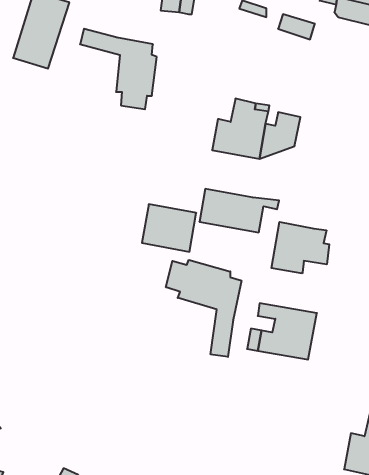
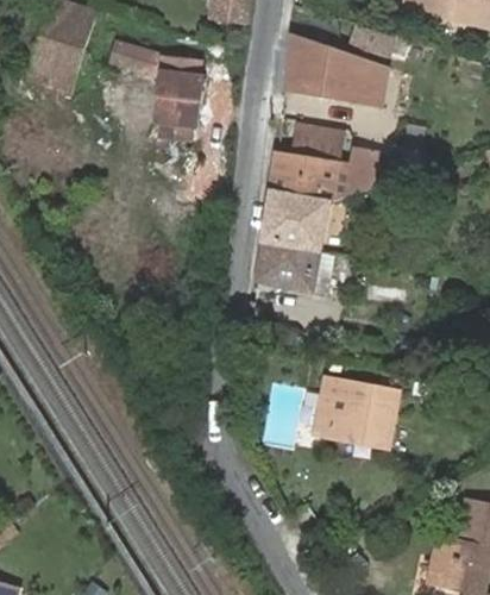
building: none -> [282,35,385,106]
building: [142,204,196,252] -> [263,190,329,249]
building: [271,222,329,273] -> none
building: [166,260,241,357] -> none

